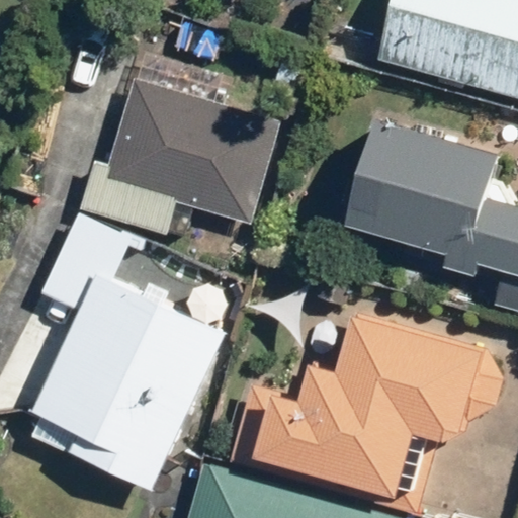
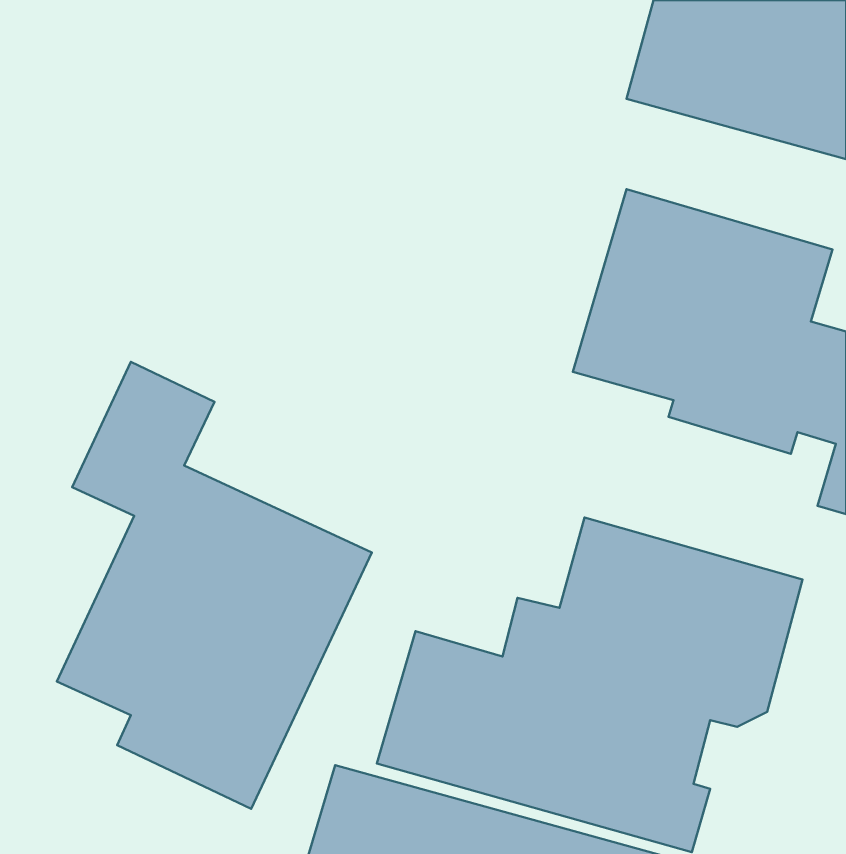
building: [79,76,281,234] -> none

